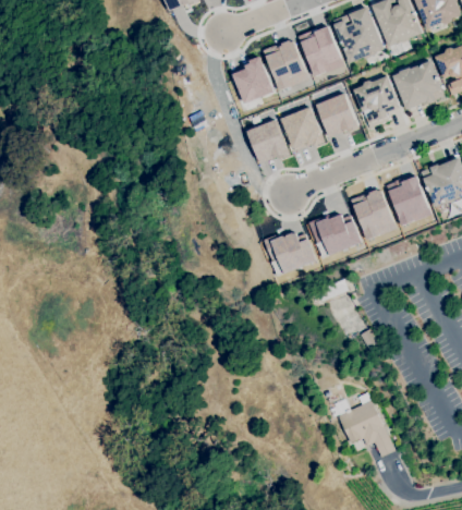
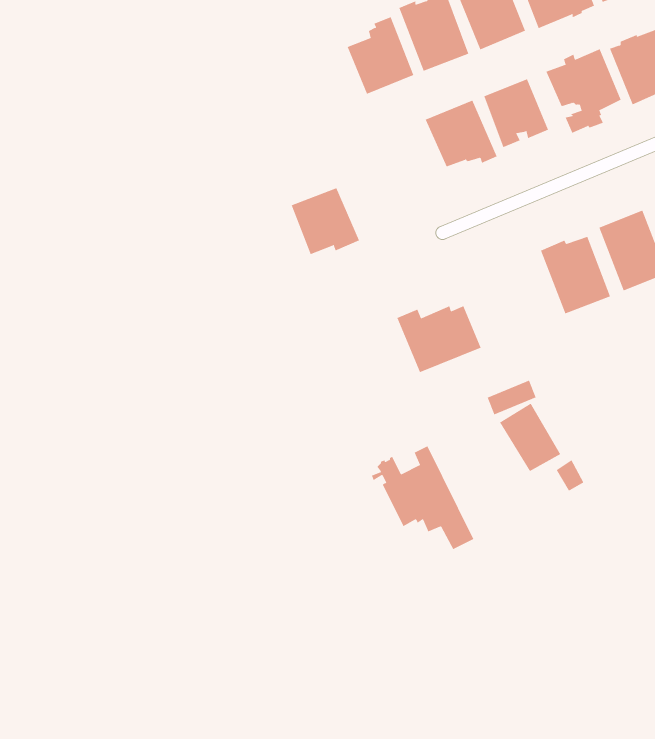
building: [246,119,289,160] -> [291,187,360,255]
building: [309,215,360,256] -> none
building: [332,392,396,457] -> [371,445,474,550]

